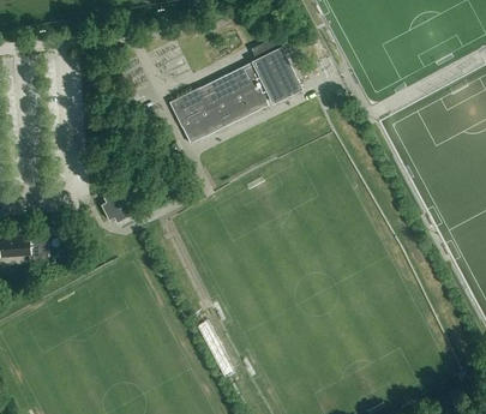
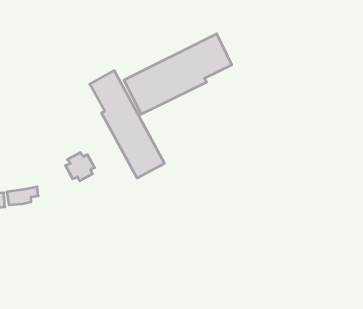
building: none -> [90,71,164,178]

